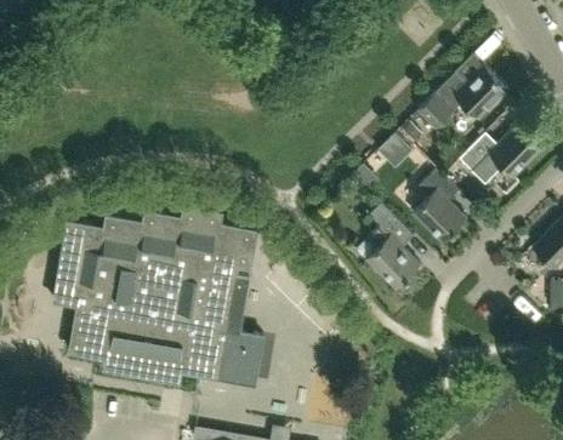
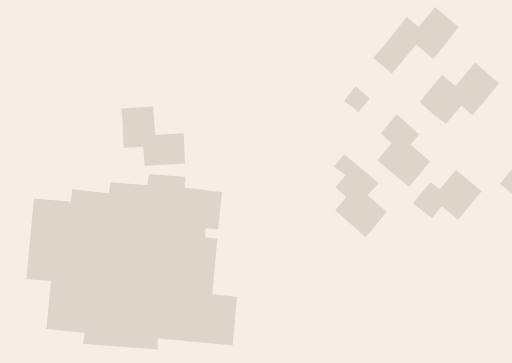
building: none -> [121,106,185,167]
building: none -> [412,169,483,221]

